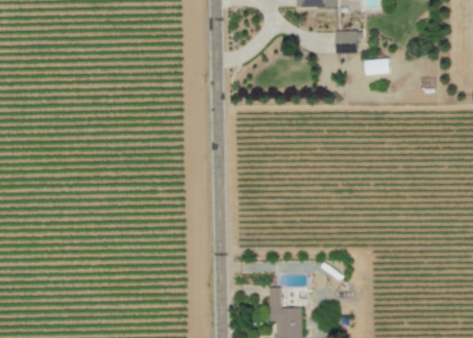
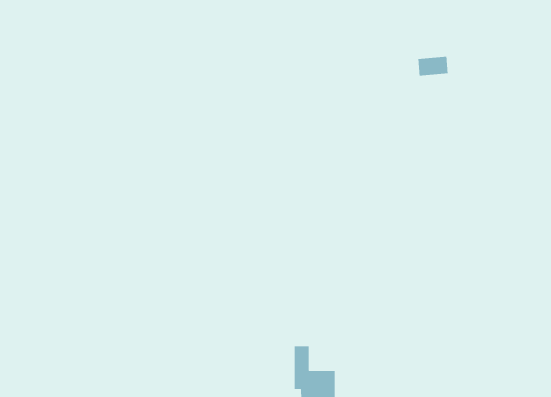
building: [335,30,360,52] -> none

